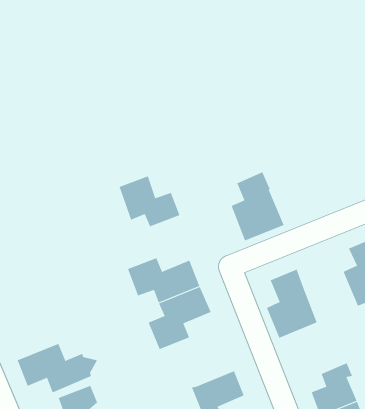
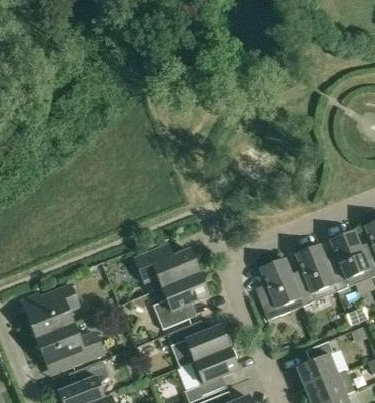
building: [231,172,284,241] -> [291,243,338,305]
building: [119,175,180,227] -> none
building: none -> [28,284,80,338]
building: none -> [168,322,229,361]

